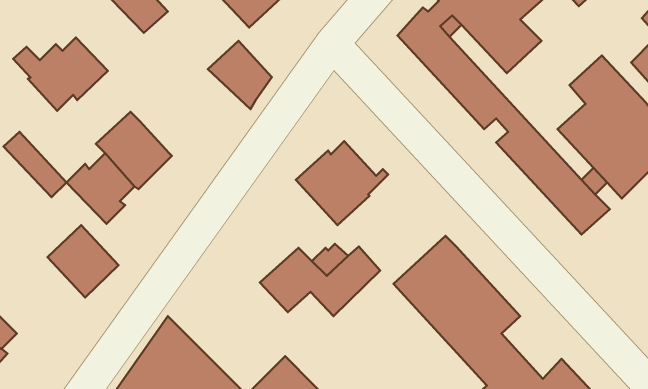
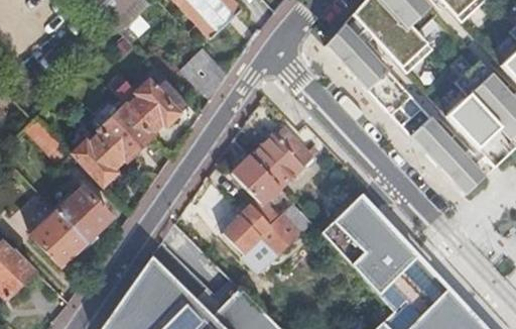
building: [13,37,108,111] -> [119,77,190,132]
building: none -> [231,152,279,203]
building: none -> [34,207,89,266]
building: none -> [403,255,448,303]

